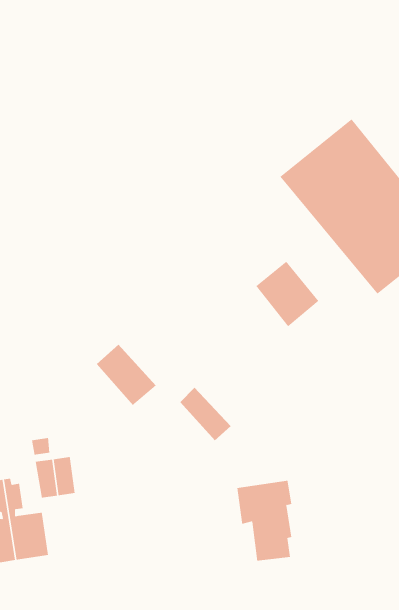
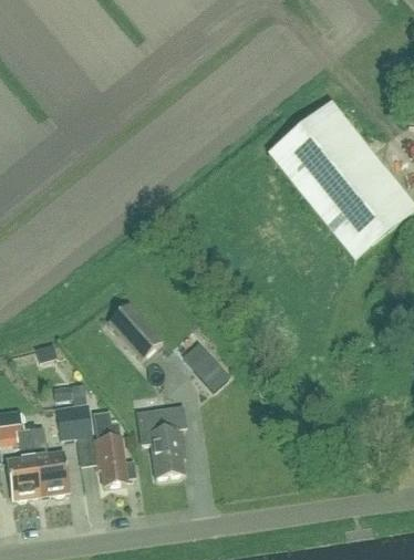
building: [255,261,319,327] -> none
building: none -> [92,408,136,483]
building: [236,480,292,561] -> [137,404,186,475]

